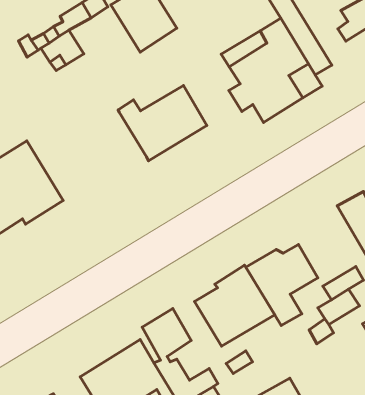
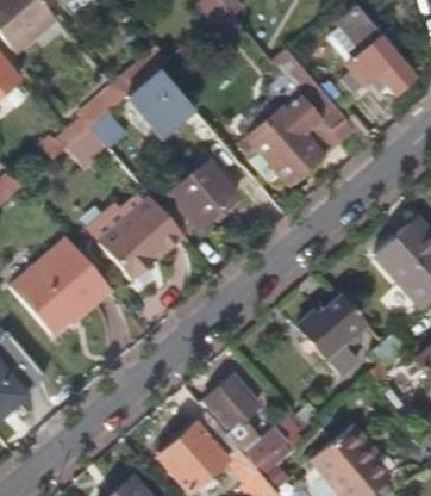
building: none -> [99,197,185,280]
building: [195,265,275,346] -> none

